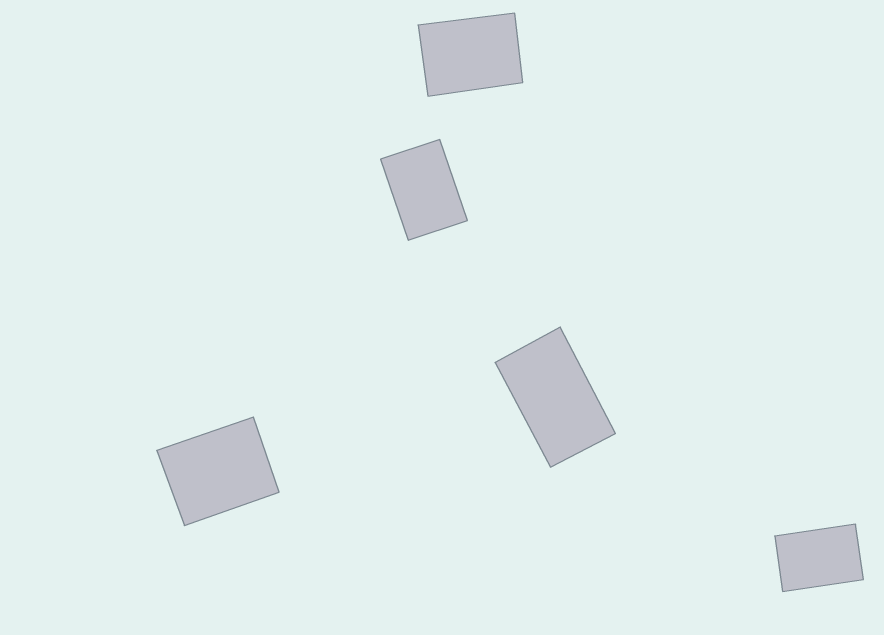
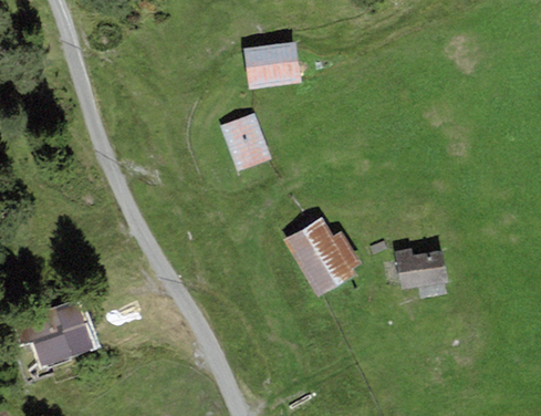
building: [157,417,279,526] -> [21,304,90,365]
building: [775,524,863,591] -> [397,249,447,287]

